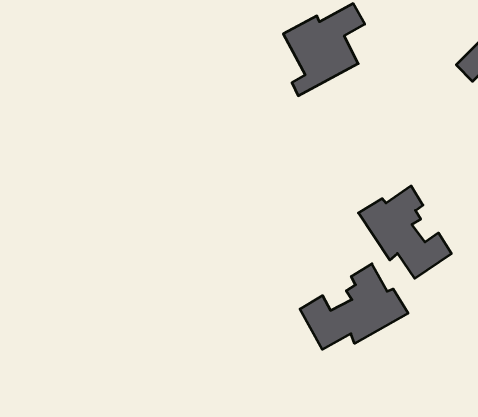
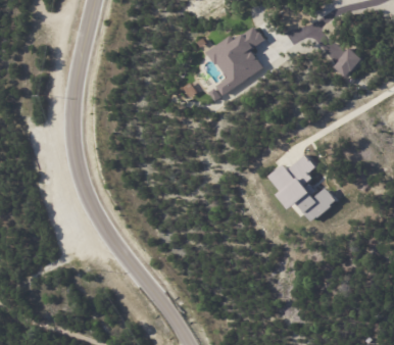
building: [300,264,408,349] -> none

